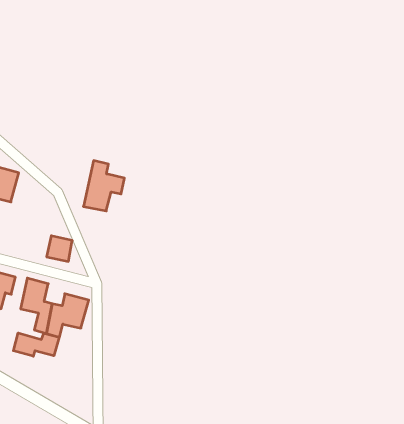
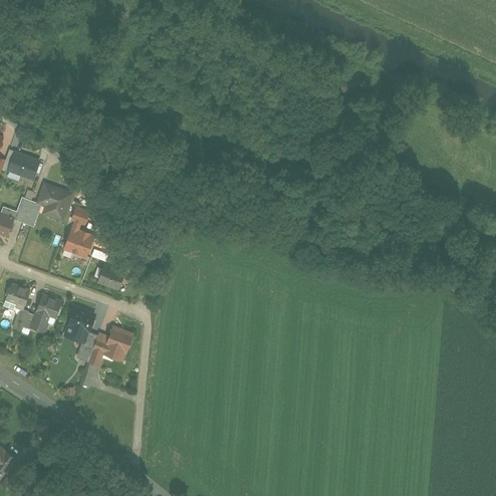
building: [83,161,124,211] -> [61,207,106,260]
building: [13,333,59,356] -> none

